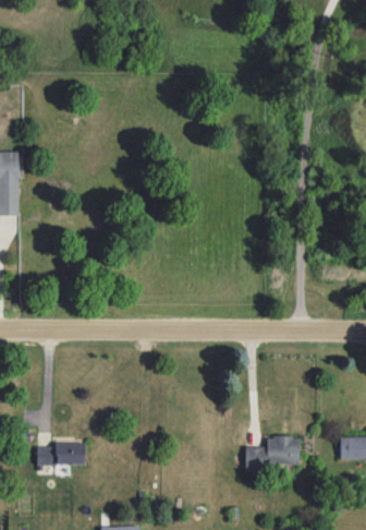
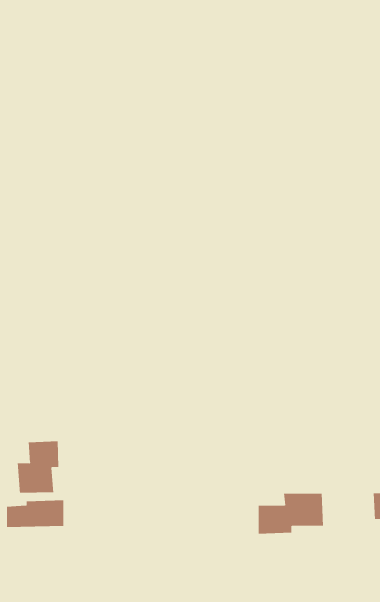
building: none -> [17,440,59,494]

